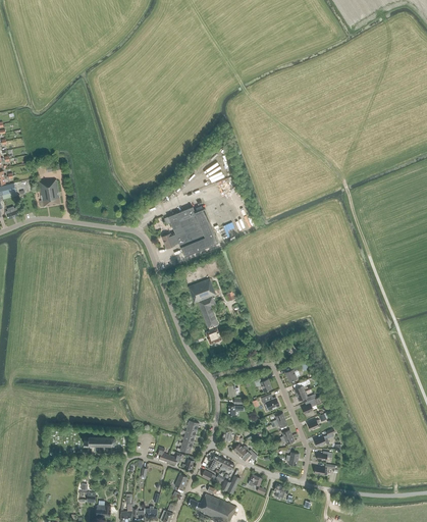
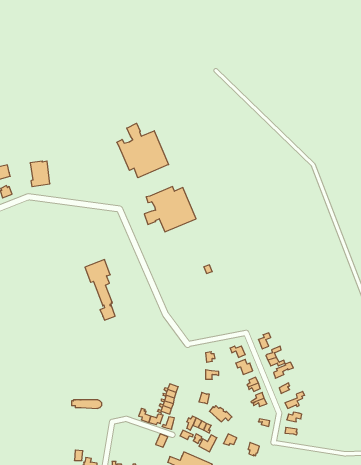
building: none -> [117,123,169,178]
building: [188,278,220,344] -> [85,260,115,320]

